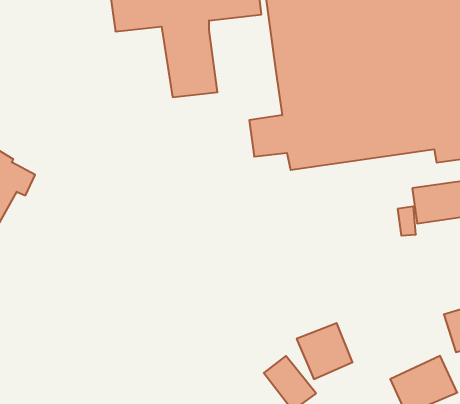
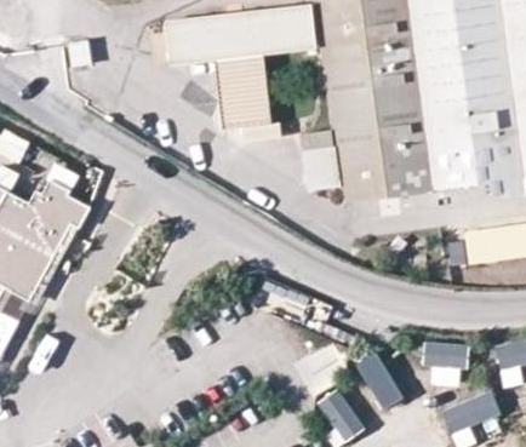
building: none -> [429,342,470,385]

